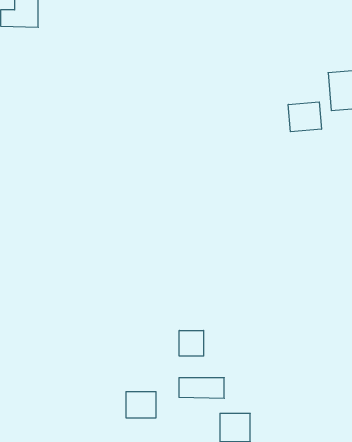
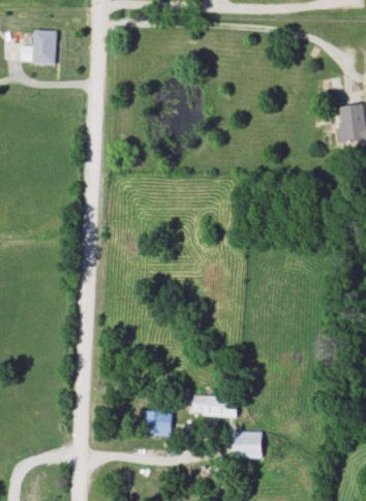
building: [288,102,321,132] -> none
building: [179,330,204,356] -> none

